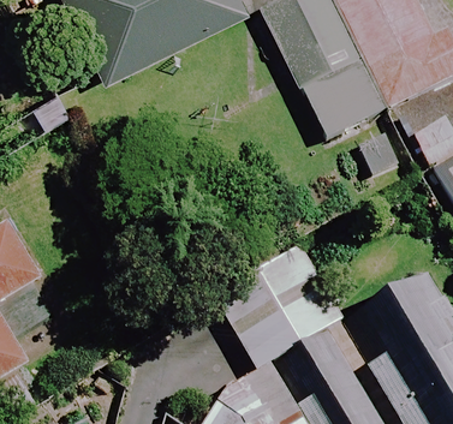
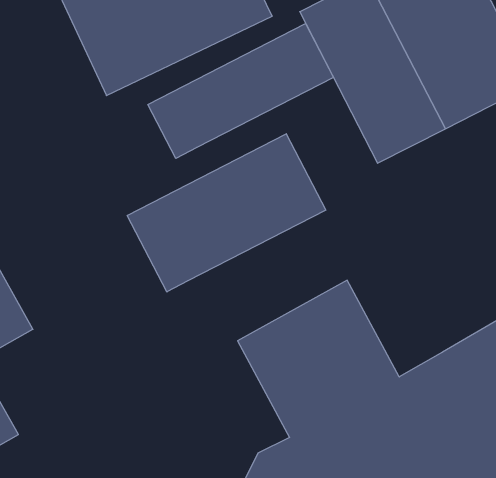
building: none -> [148,24,333,158]
building: none -> [127,134,326,292]

